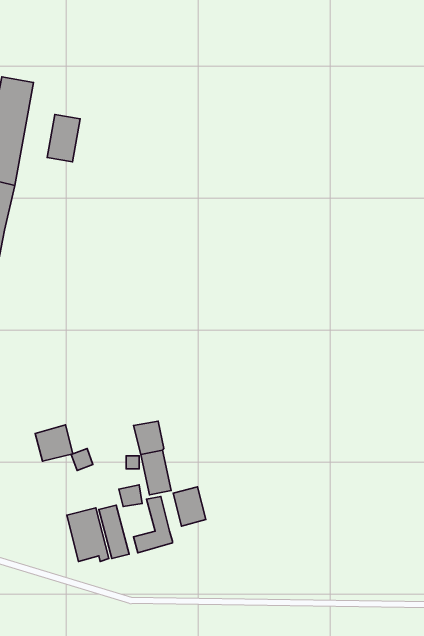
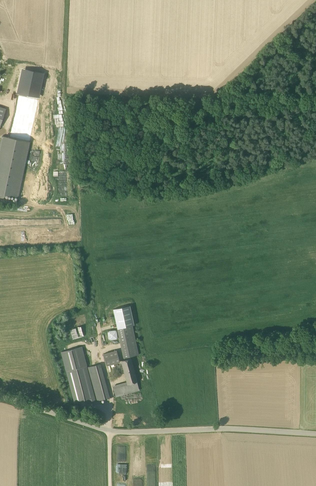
building: [47,115,80,162] -> none
building: [35,425,73,461] -> [61,346,87,371]
building: [173,487,206,526] -> none

